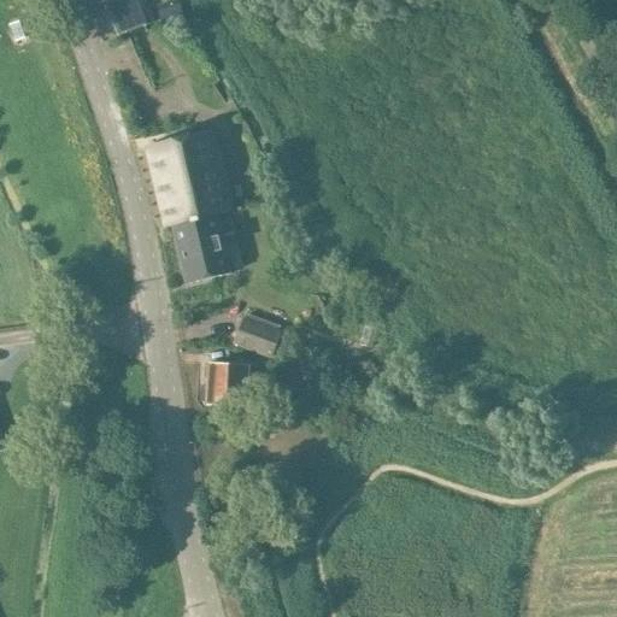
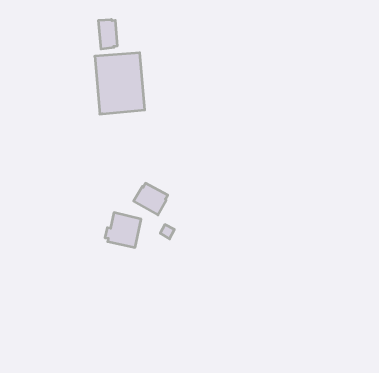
building: none -> [99,19,117,49]
building: [169,208,240,282] -> none

